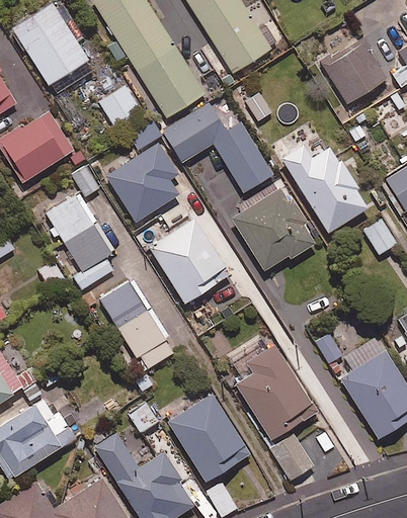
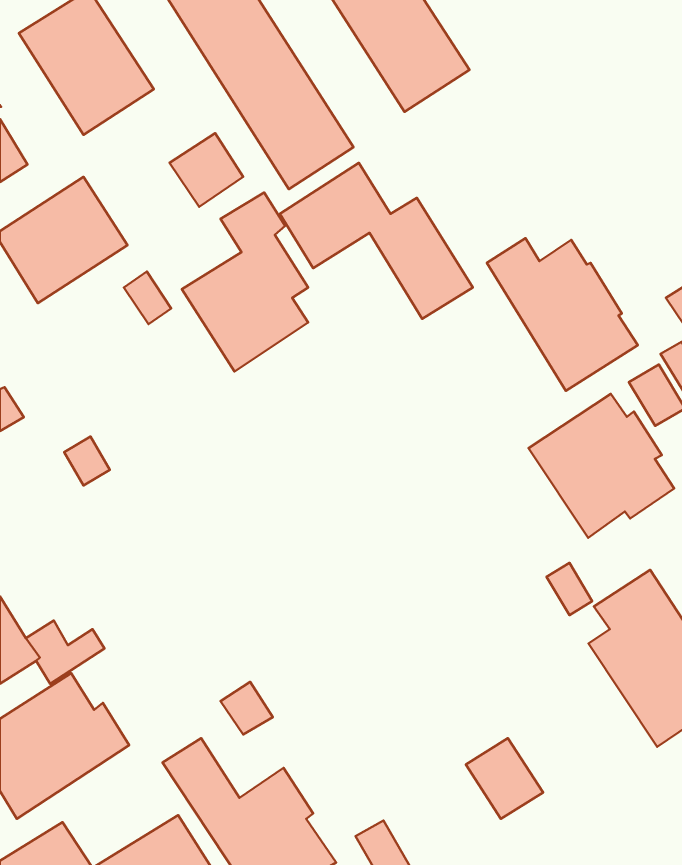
building: [323,39,388,104] -> none
building: [232,187,316,270] -> [529,394,674,538]
building: [43,193,113,286] -> none
building: [149,220,230,304] -> none
building: [99,279,176,371] -> none
building: [236,346,317,441] -> none
building: [167,394,250,483] -> none

